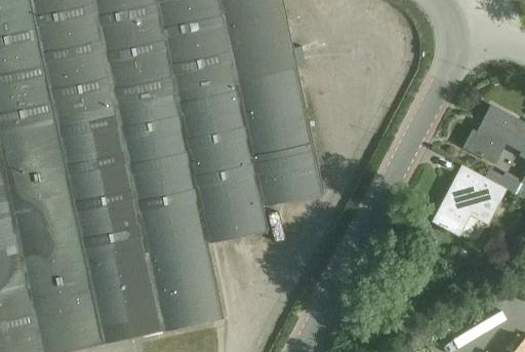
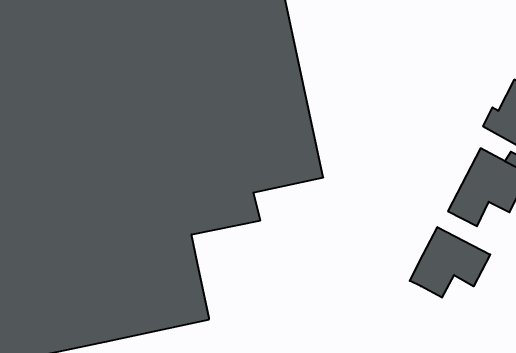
building: none -> [410,227,490,298]

